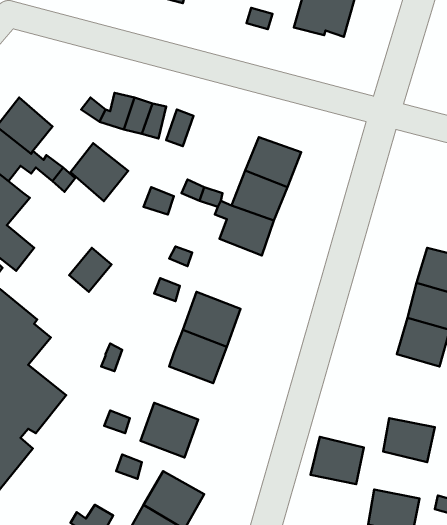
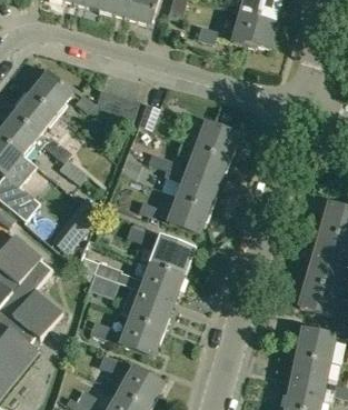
building: [70,143,128,201] -> [30,71,72,113]
building: none -> [167,196,208,233]
building: none -> [300,280,338,314]
building: none -> [129,289,172,328]
building: [311,437,364,484] -> [290,351,329,386]

